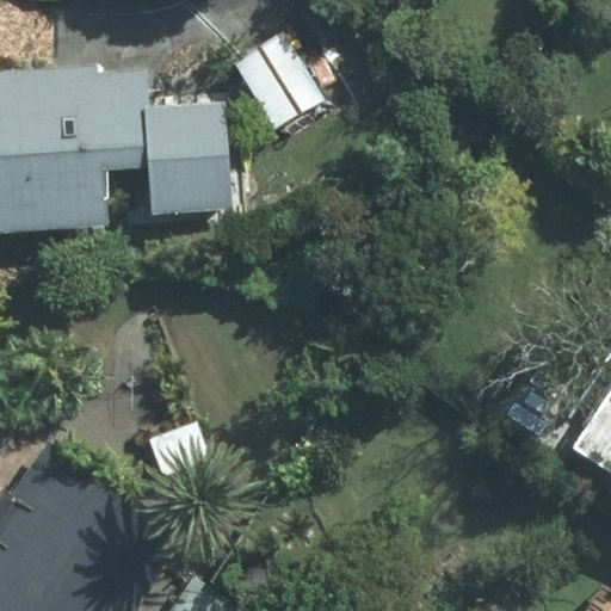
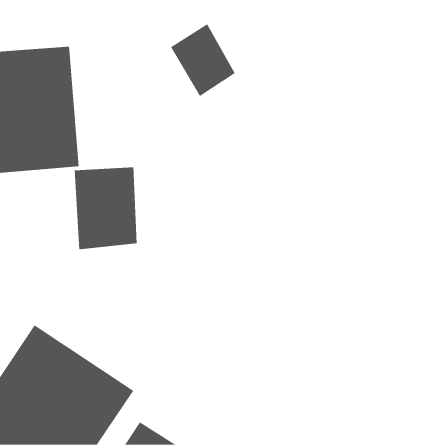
building: [142,104,229,217] -> [74,167,138,250]

